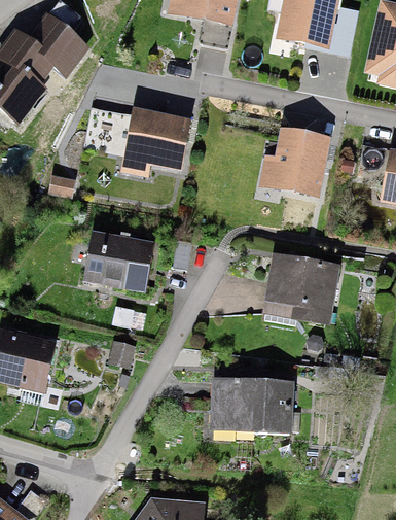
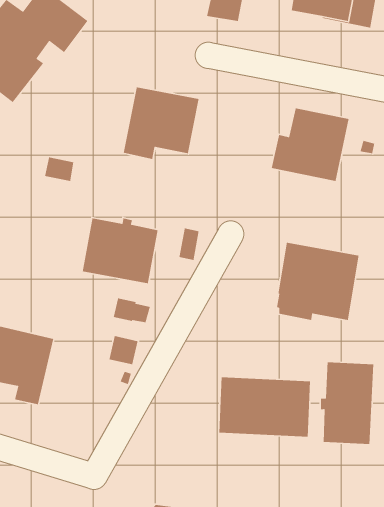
building: none -> [320,361,374,445]

